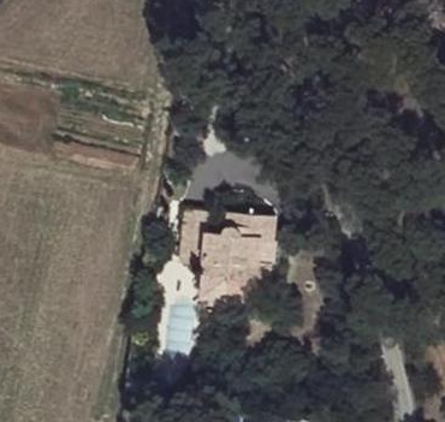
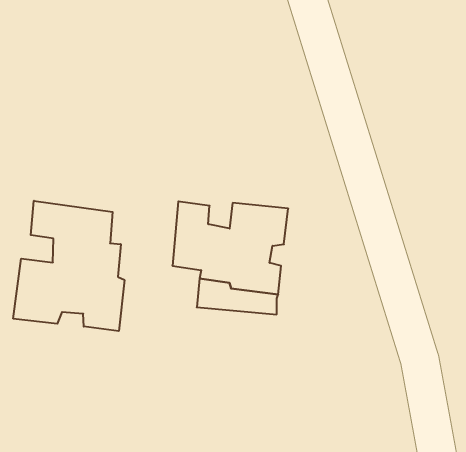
building: none -> [13,201,124,331]

